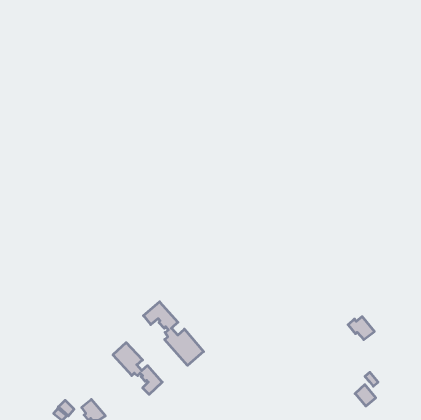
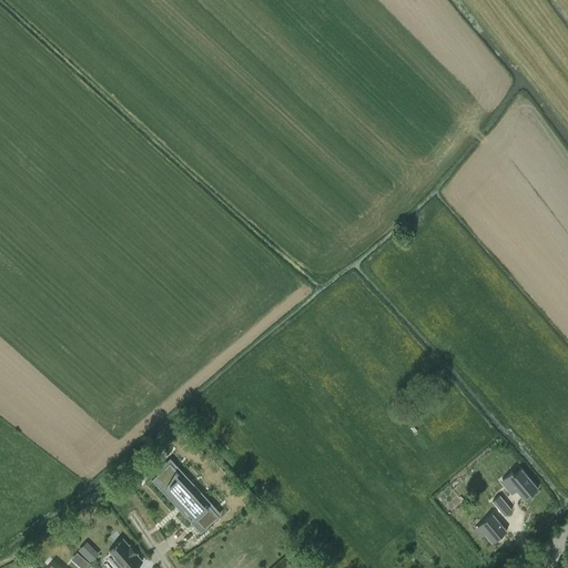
building: [143,302,204,365] -> none
building: [348,317,374,340] -> [504,476,539,507]

